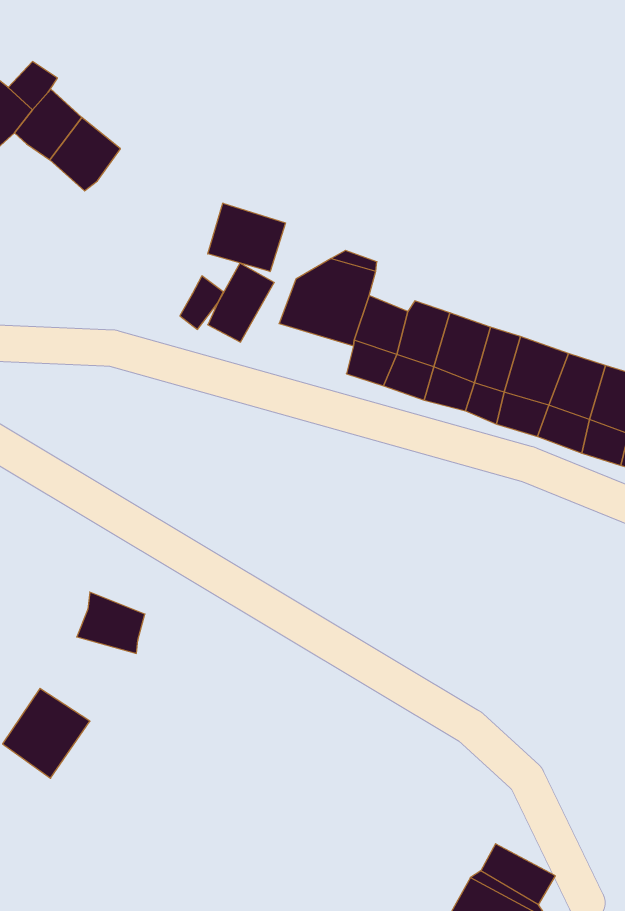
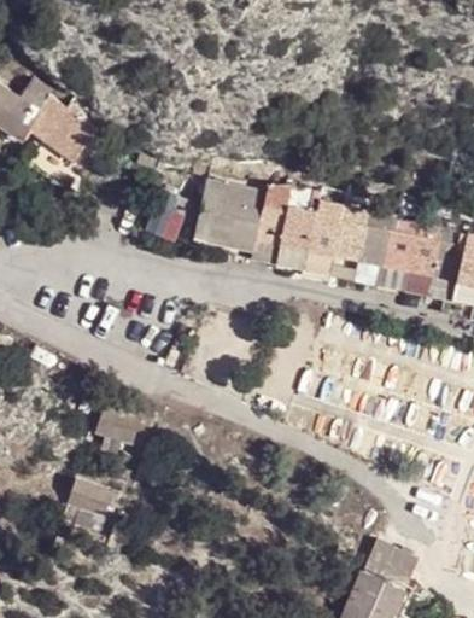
building: [208,203,286,272] -> none

